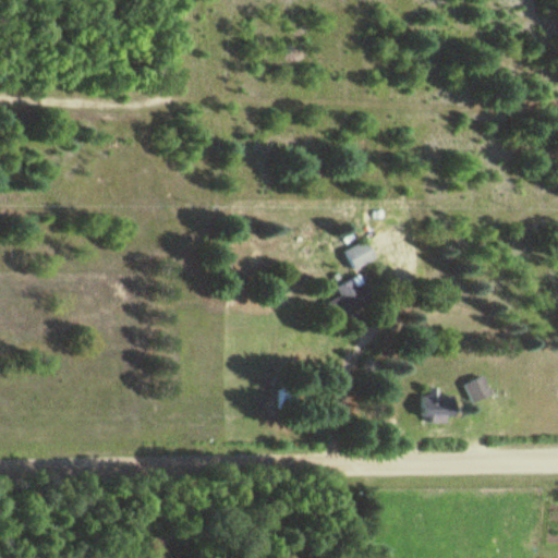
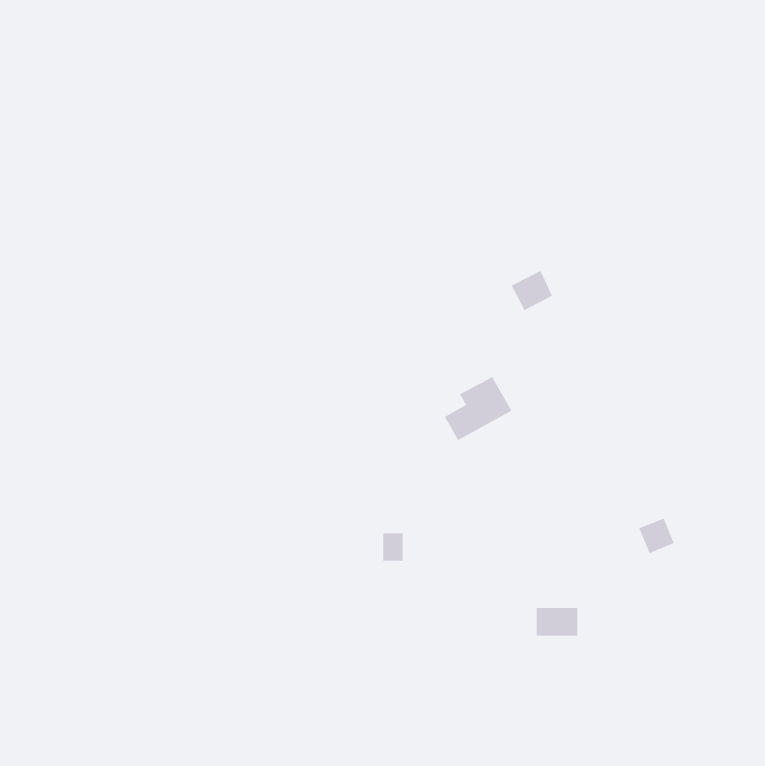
building: [344,240,375,269] -> [511,270,553,311]
building: [423,396,453,416] -> [536,608,578,636]

